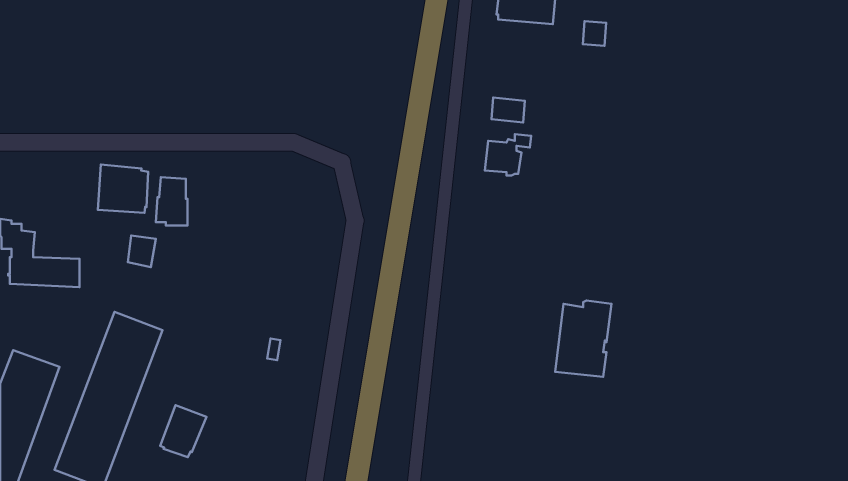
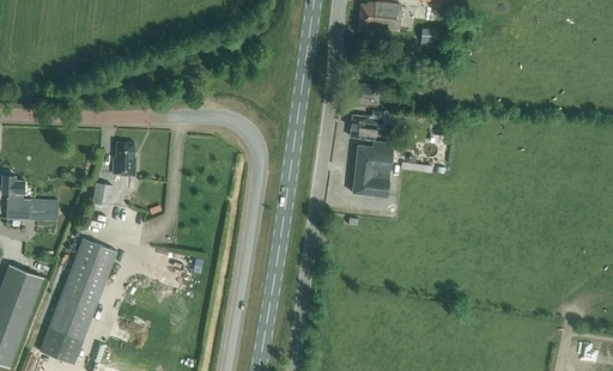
building: [98,165,148,213] -> none
building: [555,300,612,377] -> [352,141,393,196]
building: [160,405,206,457] -> none

